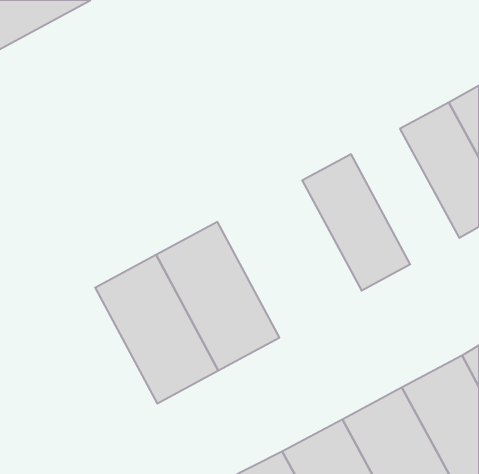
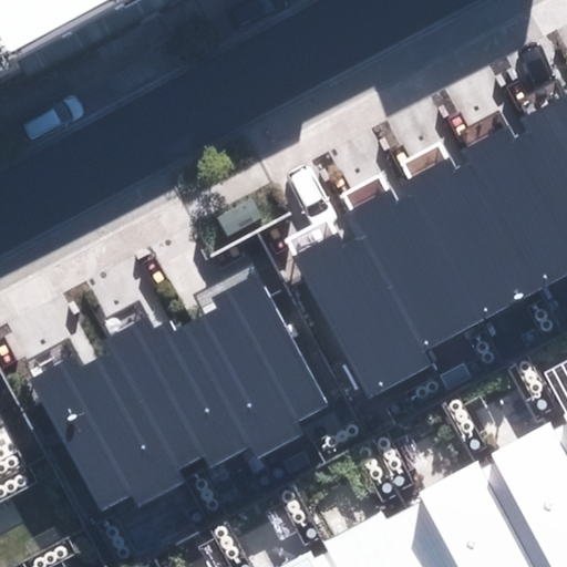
building: none -> [413,159,540,319]
building: none -> [298,220,425,381]
building: none -> [39,347,185,520]

